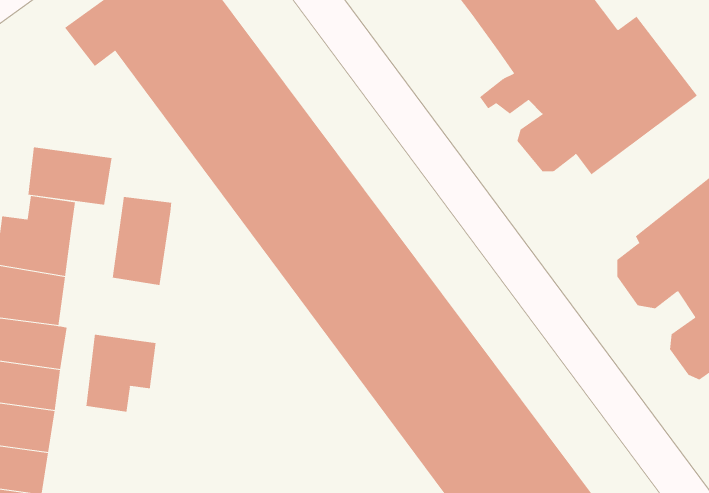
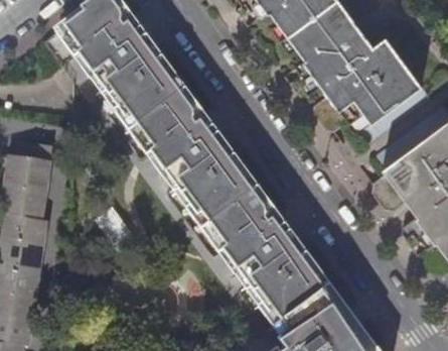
building: [28,147,112,205] -> none
building: [112,196,172,286] -> none
building: [86,334,156,412] -> none

